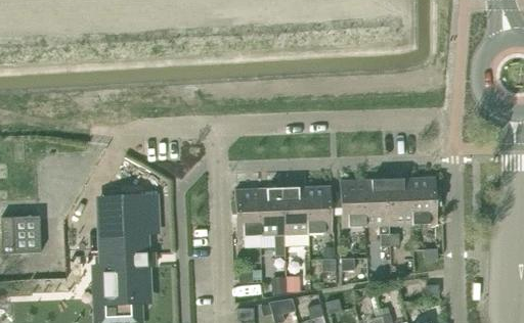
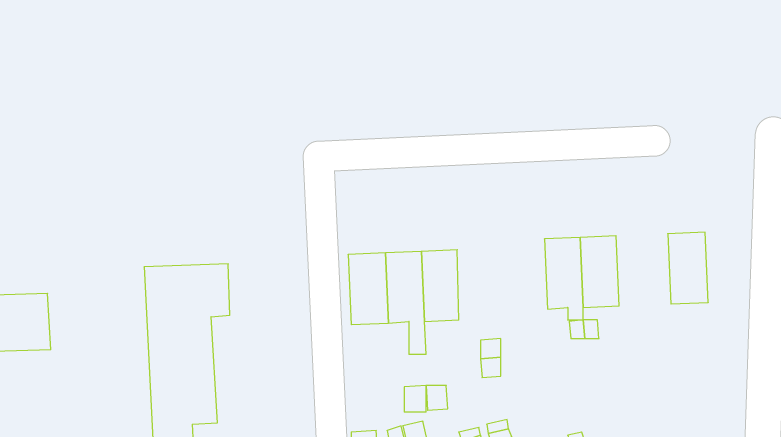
building: [411,176,438,223] -> [668,232,708,304]
building: [341,179,366,226] -> none
building: [307,185,333,232] -> none

